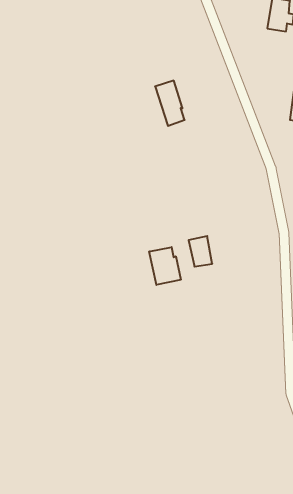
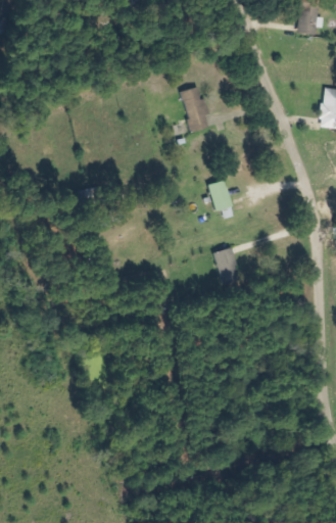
building: none -> [207,180,231,211]
building: [149,247,181,285] -> none

